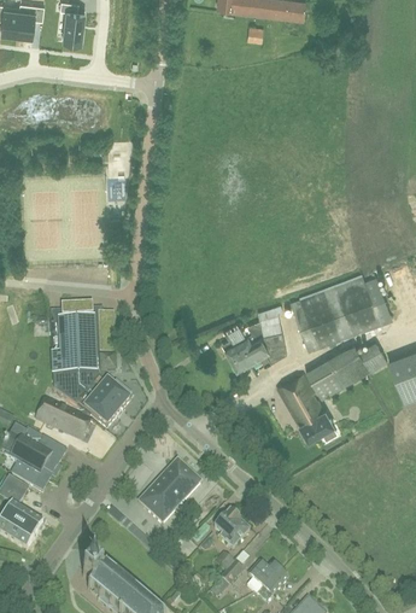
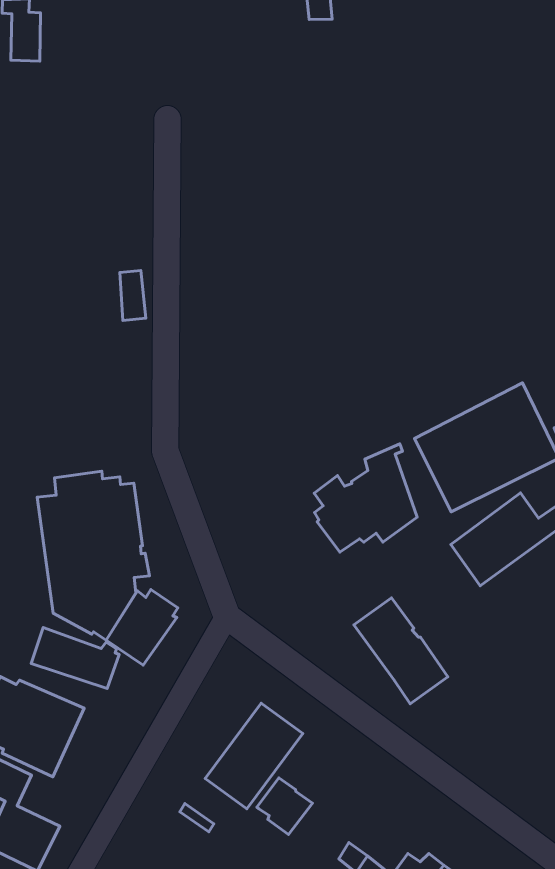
building: [277,373,333,440] -> [354,598,448,704]
building: [215,512,250,548] -> [257,778,312,835]

